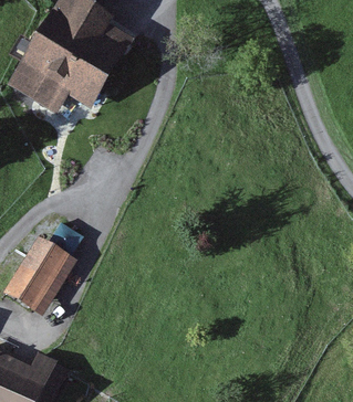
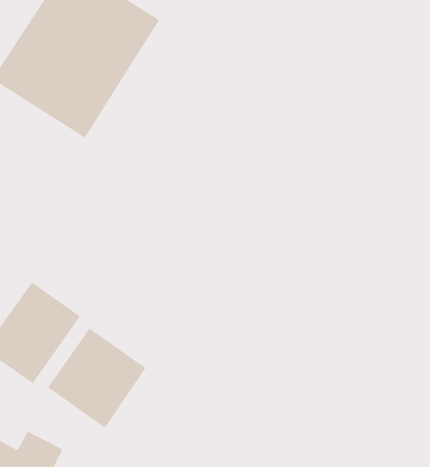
building: none -> [47,328,146,429]

